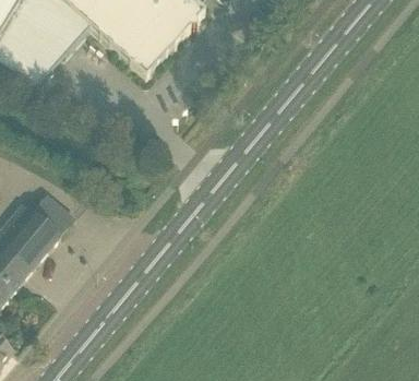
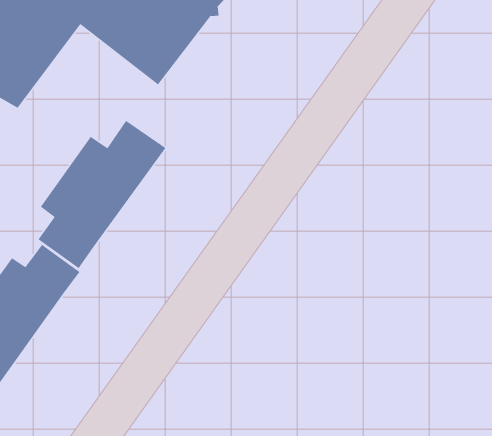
building: none -> [38,120,167,269]

